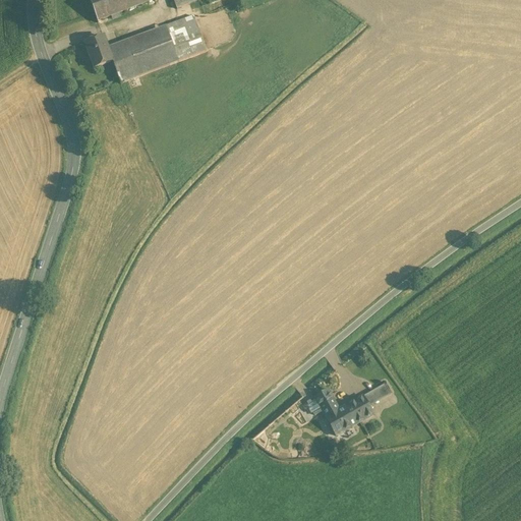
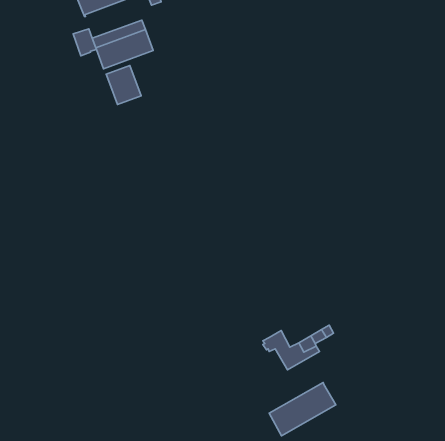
building: [166,13,207,59] -> [106,65,141,105]
building: none -> [269,382,336,436]

